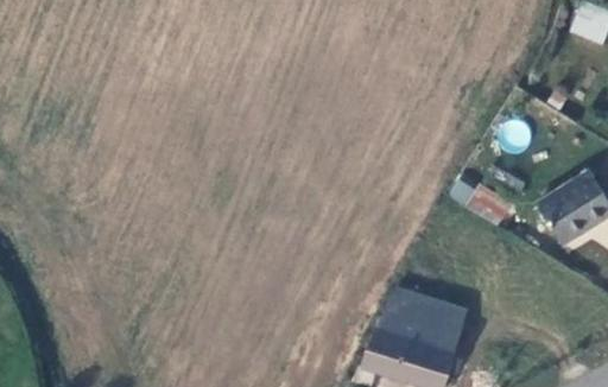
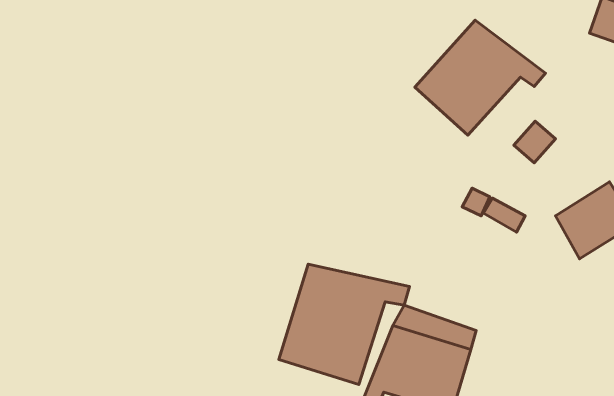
building: none -> [415,20,546,135]
building: none -> [279,264,409,385]

